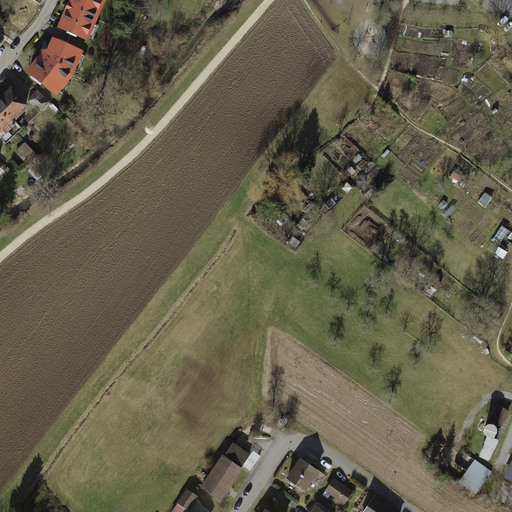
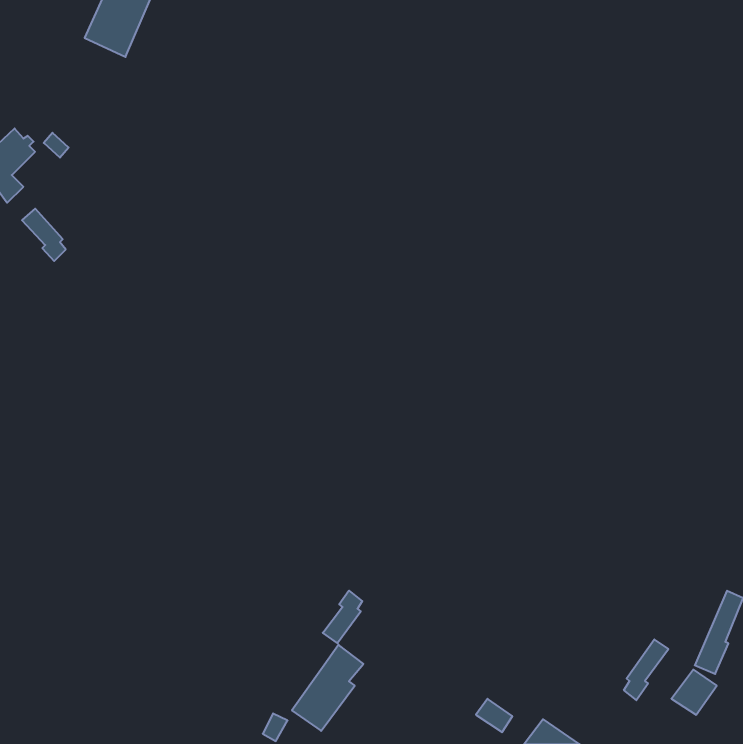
building: [28,39,80,91] -> none
building: none -> [323,591,362,643]
building: none -> [624,639,668,700]
building: [289,460,319,490] -> none

